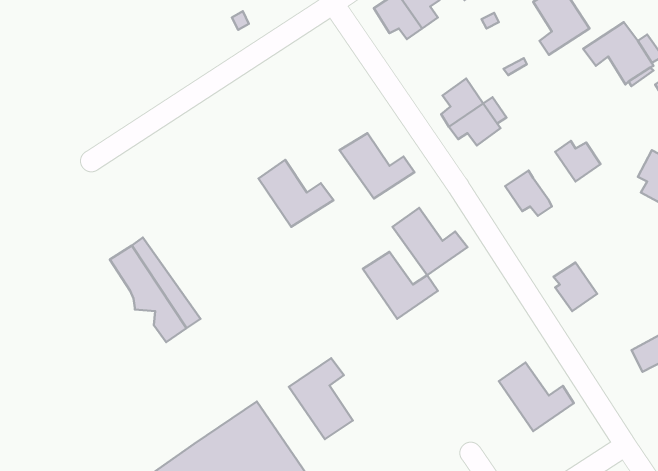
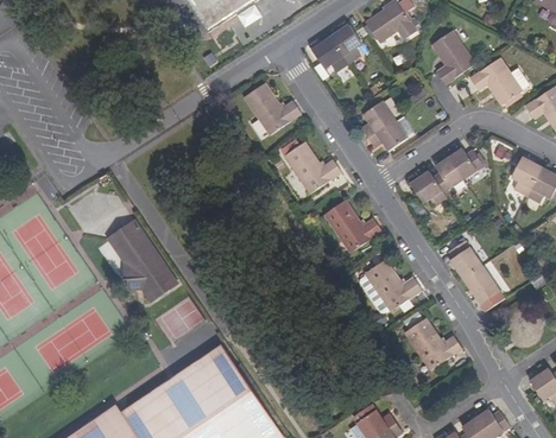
building: none -> [431,157,463,193]
building: [258,160,333,227] -> [245,83,302,134]
building: [363,252,438,319] -> [365,259,422,310]
building: none -> [461,265,497,300]
building: [289,358,353,439] -> none

